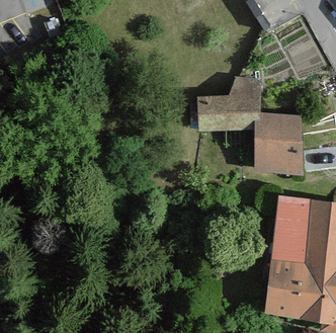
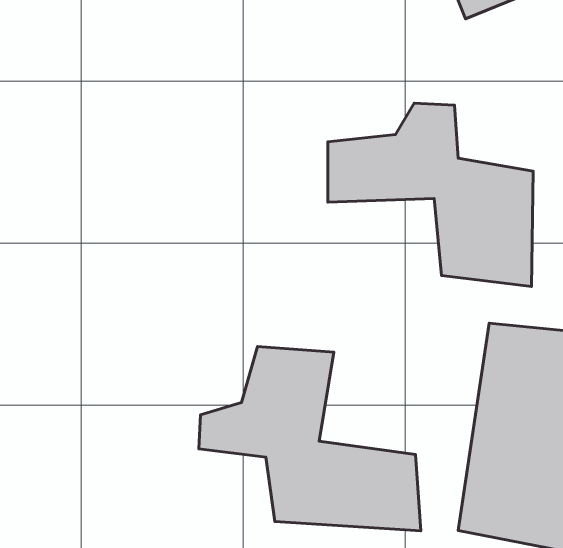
building: none -> [199,346,421,531]

